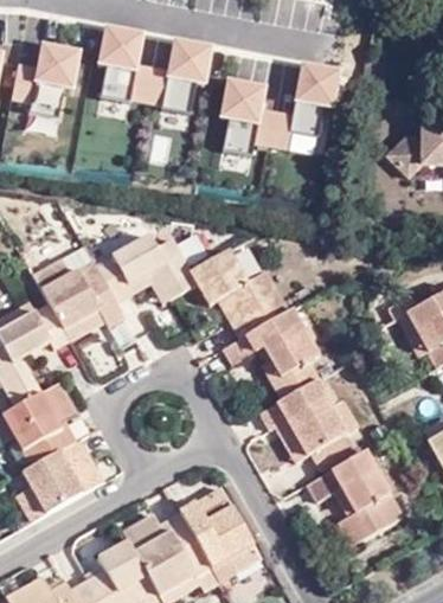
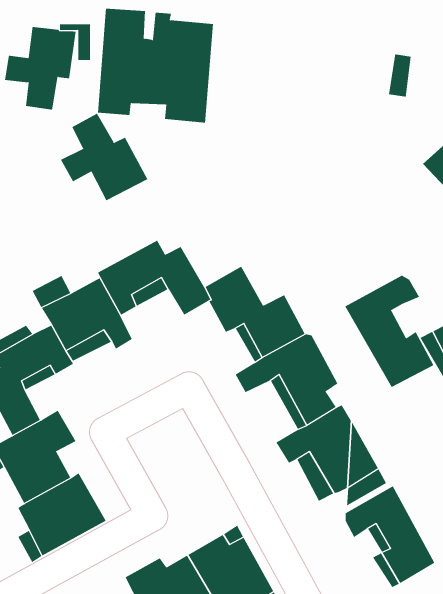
building: [217,53,335,146] -> none
building: none -> [60,113,148,201]
building: none -> [345,275,434,388]

